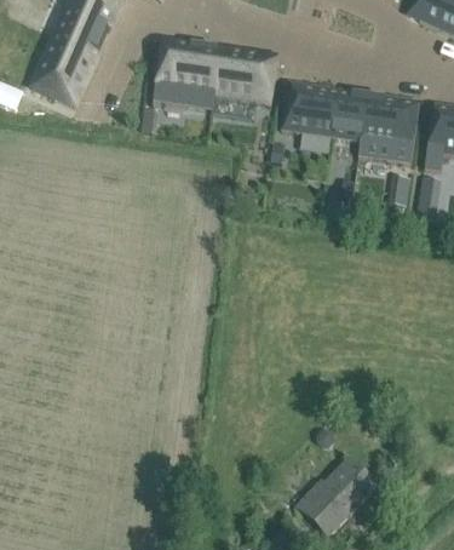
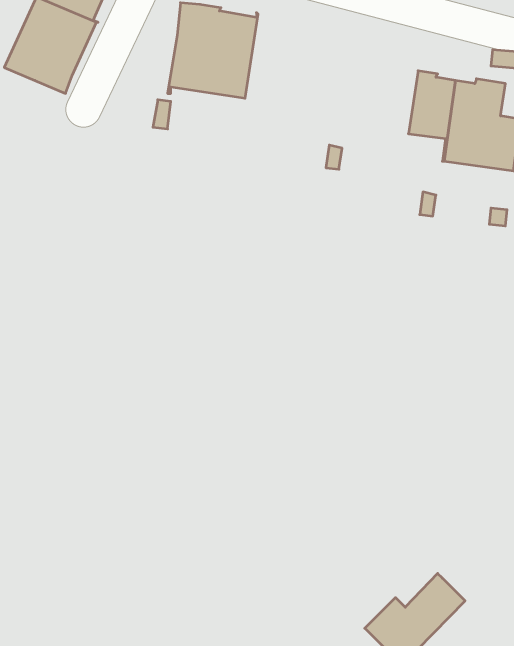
building: [211,47,277,120] -> none
building: [282,84,340,154] -> none

